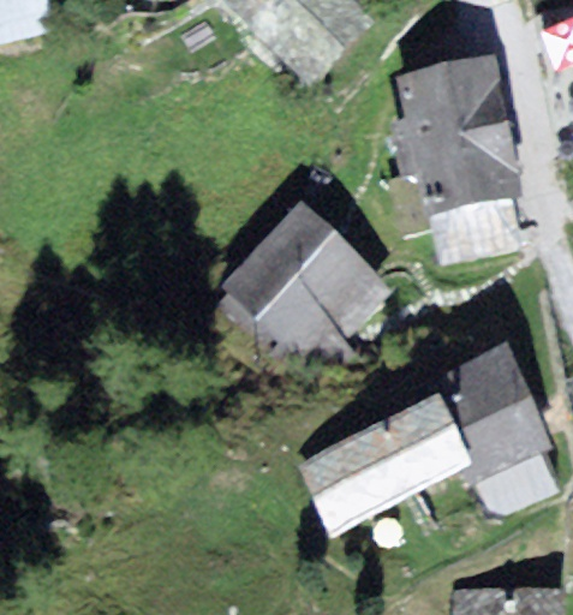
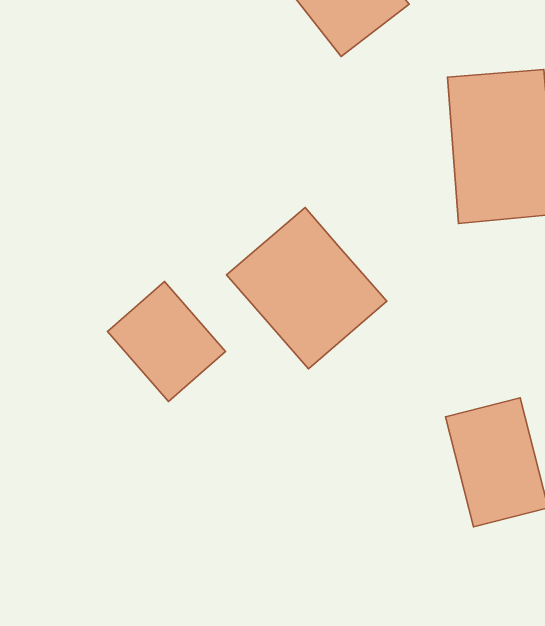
building: none -> [108,282,226,401]
building: [304,398,471,526] -> none

